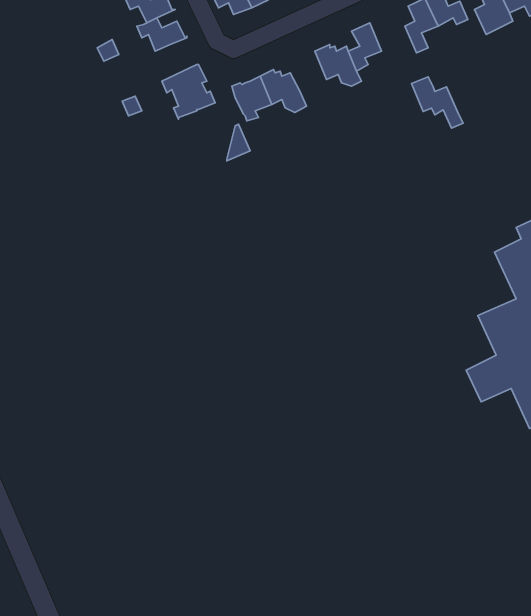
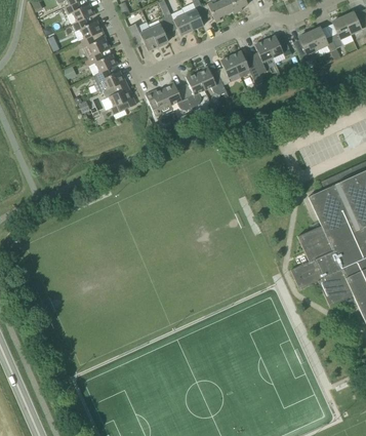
building: none -> [92,68,125,92]
building: none -> [182,72,205,106]
building: [412,77,463,128] -> [232,50,263,82]

